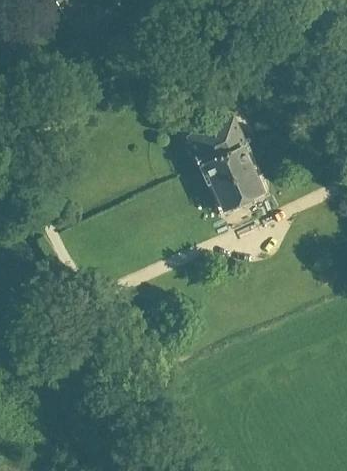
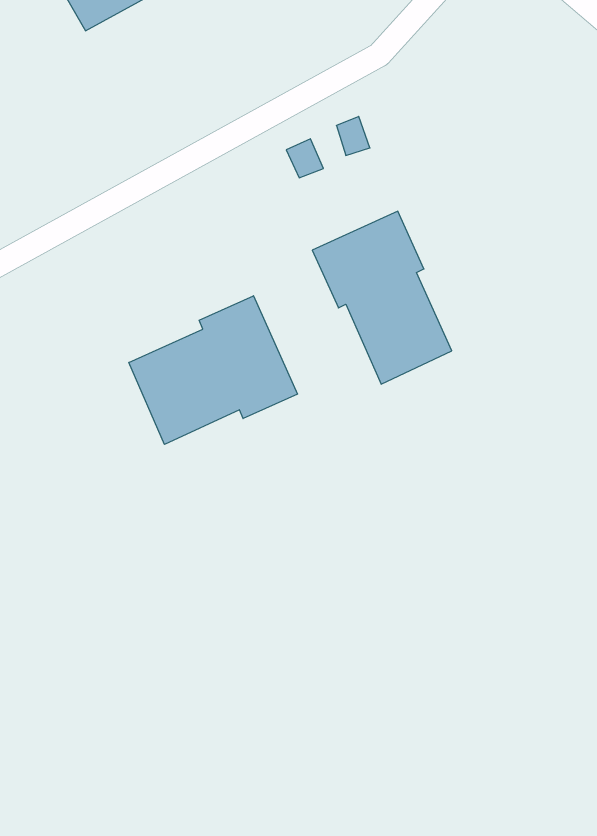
building: none -> [129,296,297,444]

